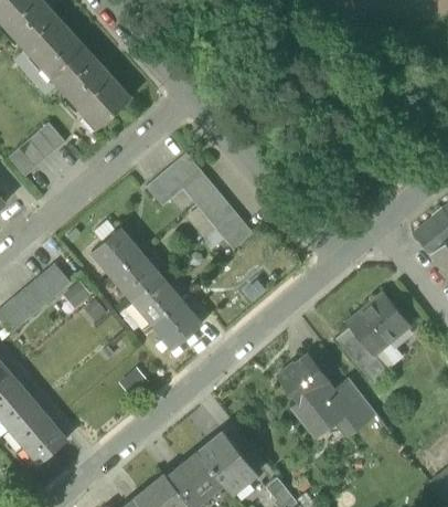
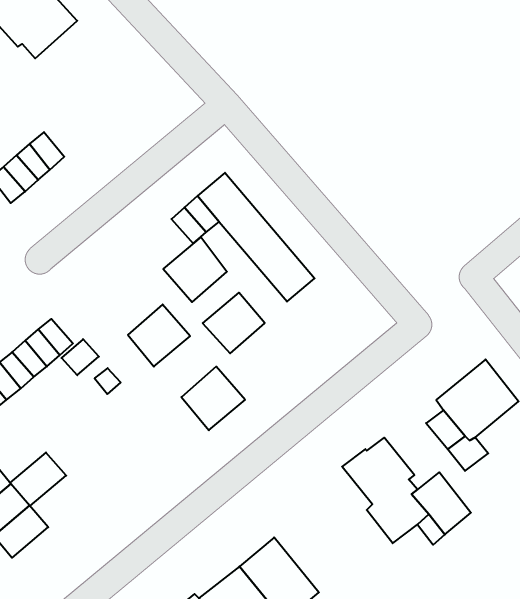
building: [42,36,130,128] -> none
building: [90,226,139,276] -> [163,237,227,302]
building: [132,277,180,324] -> [203,293,265,353]
building: [24,423,67,464] -> [10,452,66,506]

